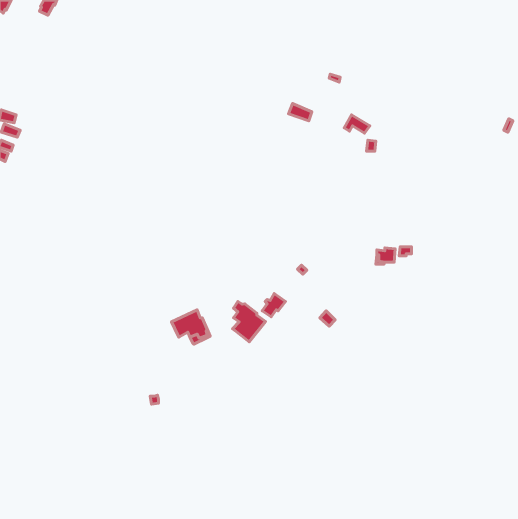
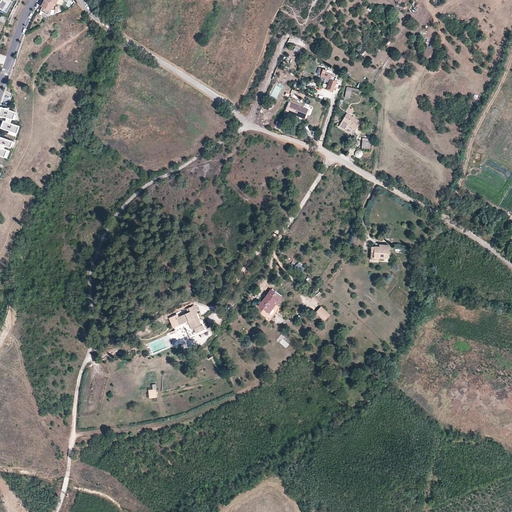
building: [232,301,266,342] -> none

